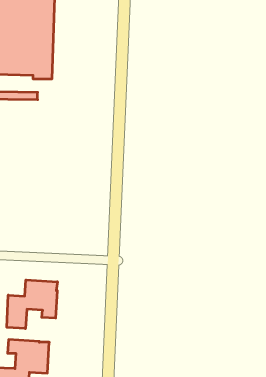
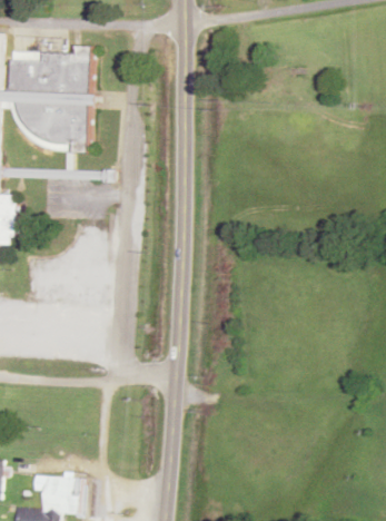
building: [7,280,57,329] -> none

